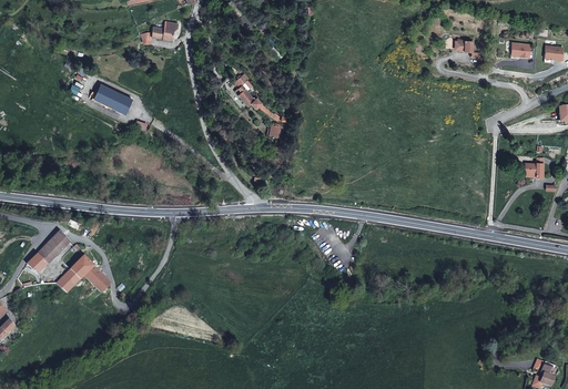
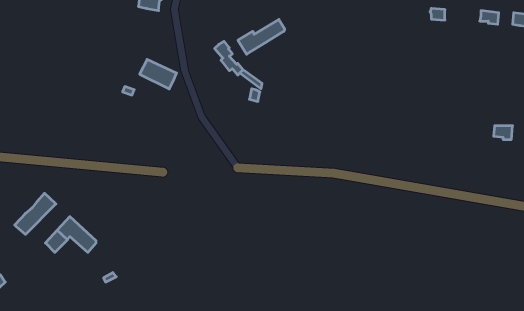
building: none -> [238,19,285,54]
building: [94,84,133,115] -> [140,59,177,89]

